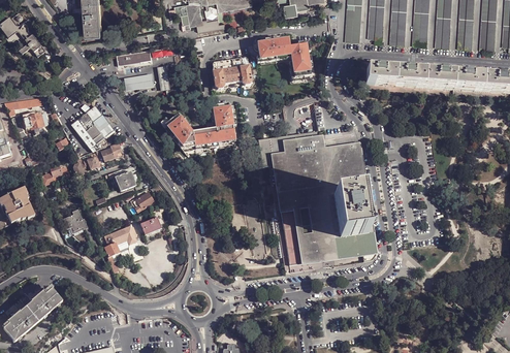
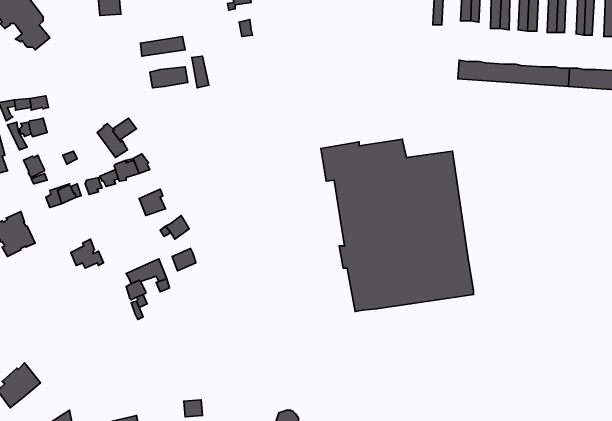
building: [258,37,312,77] -> none
building: [213,57,252,89] -> none
building: [166,102,236,148] -> none
building: [25,288,62,321] -> none

